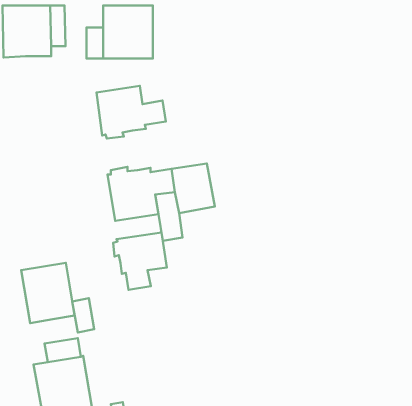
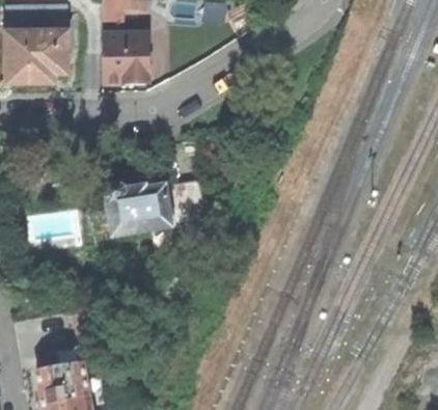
building: [96,86,166,138] -> none
building: [113,233,167,290] -> none
building: [21,263,75,323] -> none

